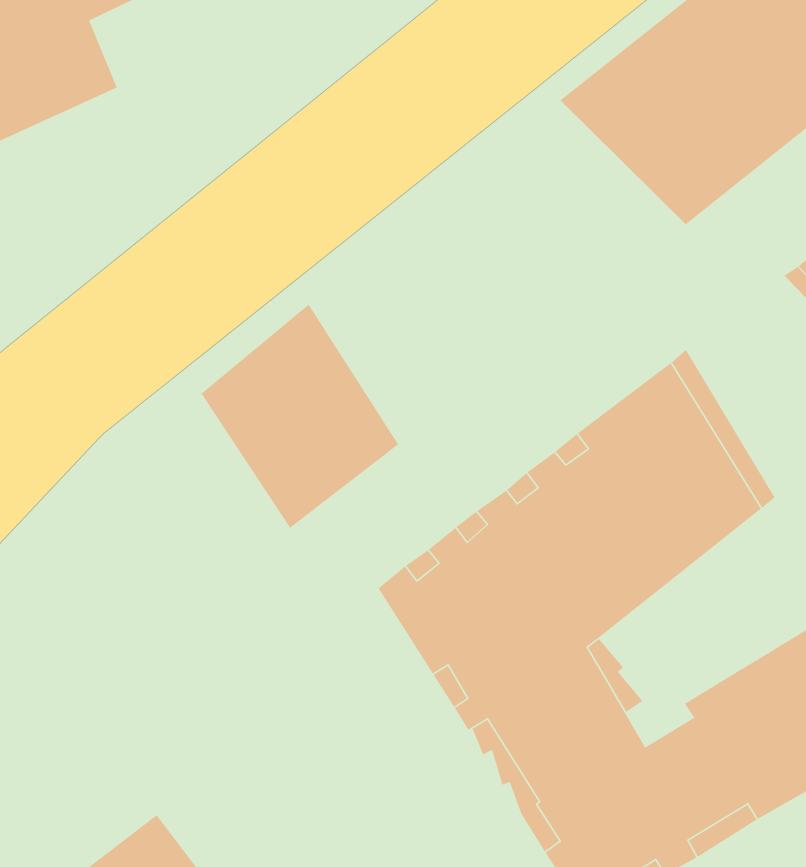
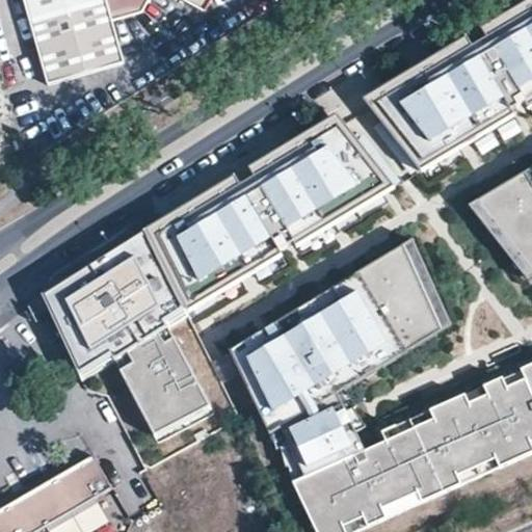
building: none -> [212,111,393,270]
building: none -> [41,229,206,436]

